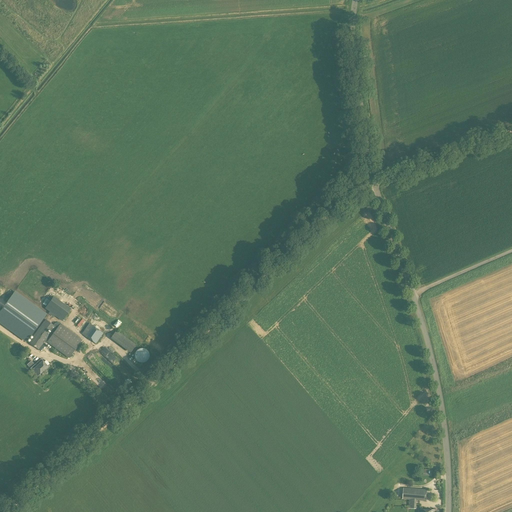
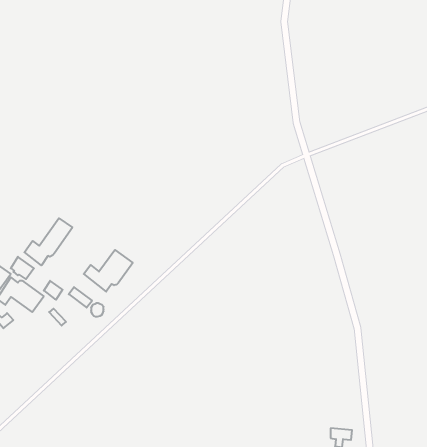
building: none -> [24,218,72,265]
building: none -> [84,250,133,292]

